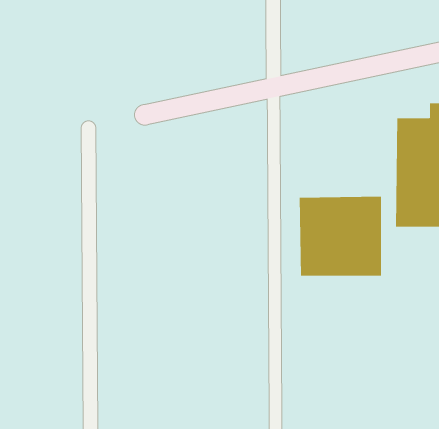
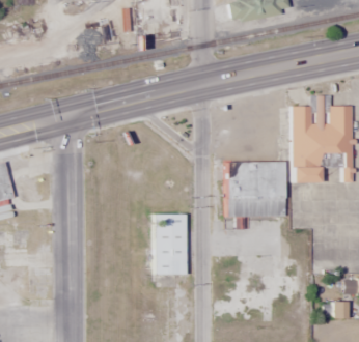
building: none -> [155,213,185,275]

